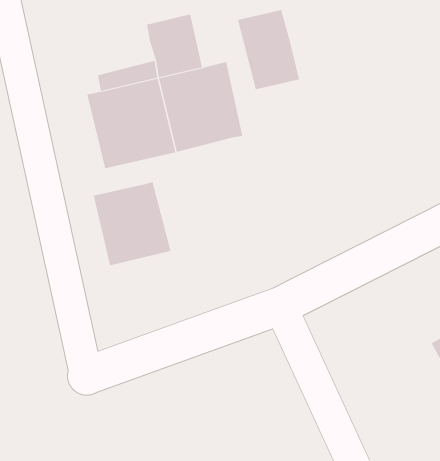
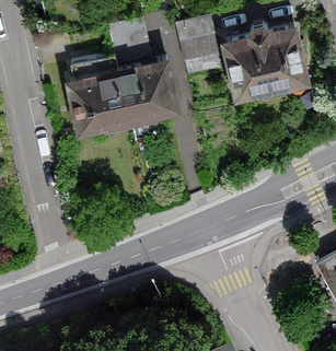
building: none -> [221,24,308,98]
building: [93,181,171,266] -> none

